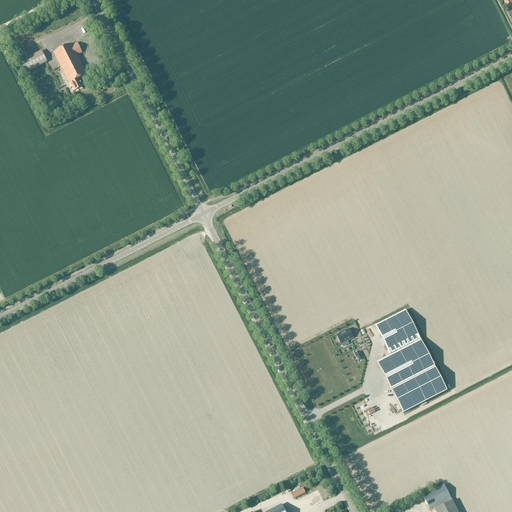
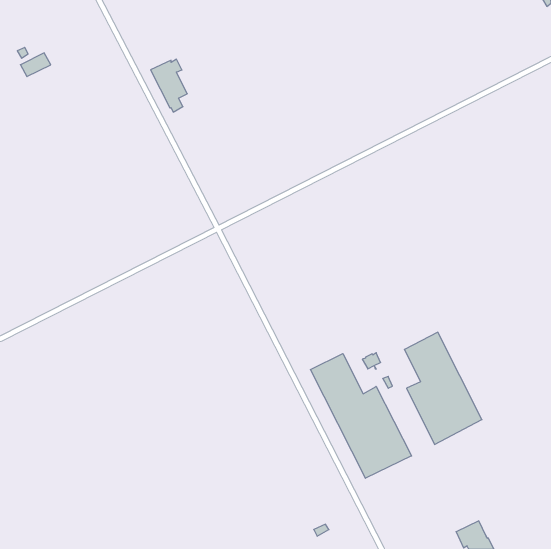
building: [53,41,87,90] -> [151,59,187,112]
building: none -> [310,354,412,478]

